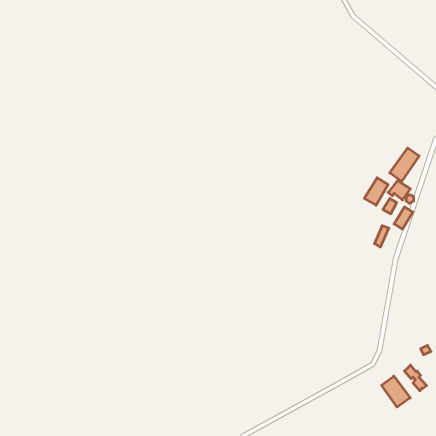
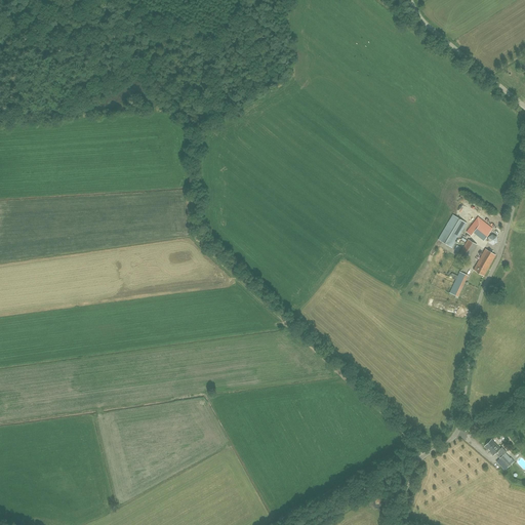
building: [390,148,419,182] -> none
building: [382,376,410,407] -> none

